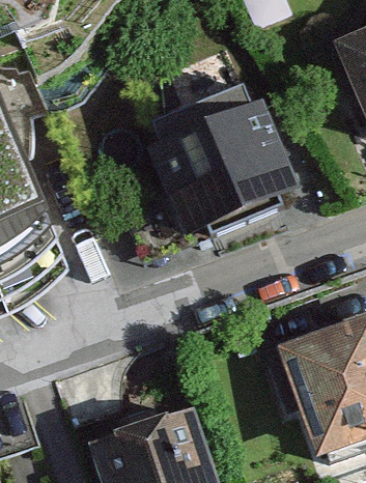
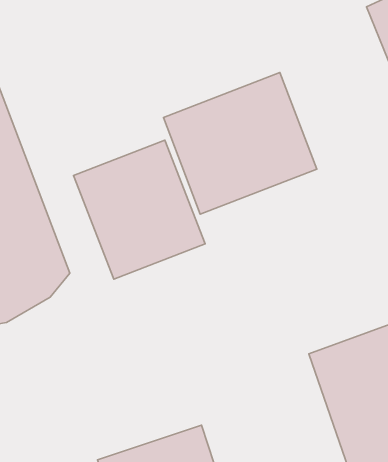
building: none -> [73,140,205,279]

